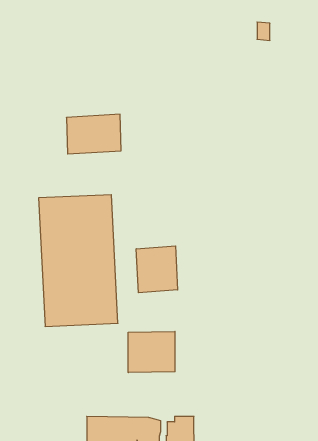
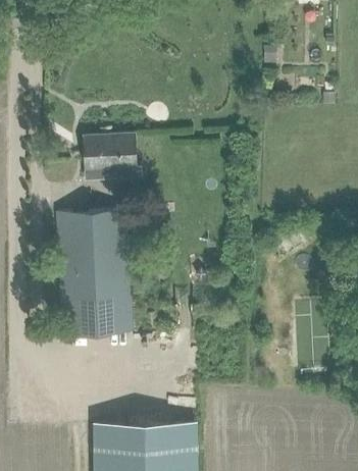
building: [136,246,178,293] -> none
building: [128,331,175,373] -> none

